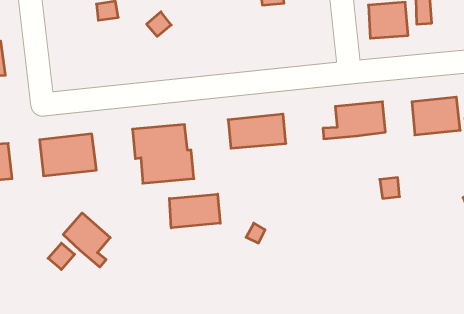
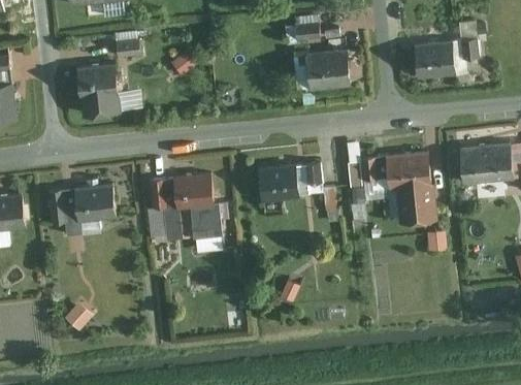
building: none -> [306,47,350,91]
building: none -> [77,64,122,117]
building: none -> [399,182,433,220]
building: [169,194,220,228] -> none
building: [63,213,110,267] -> none

